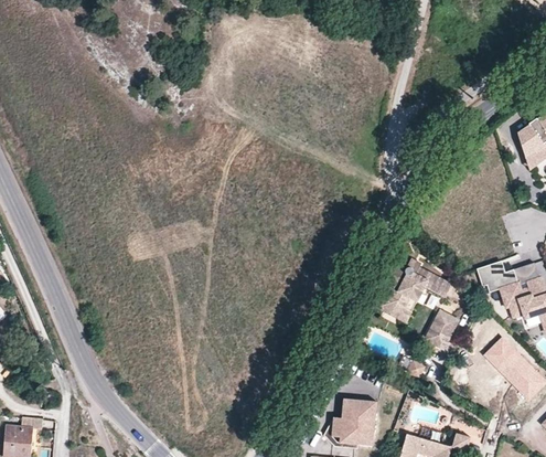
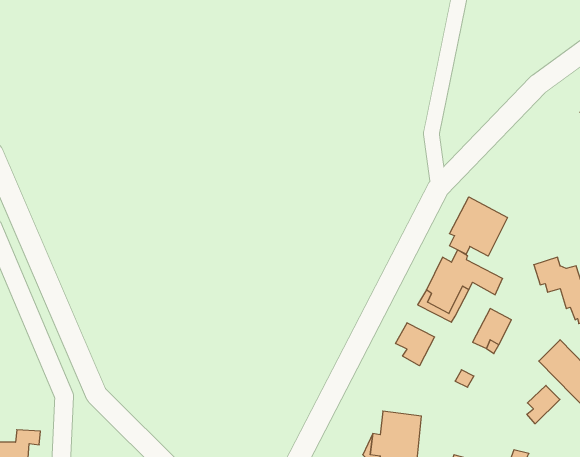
building: none -> [449,197,507,256]
building: none -> [396,323,435,366]
building: none -> [527,385,560,424]

